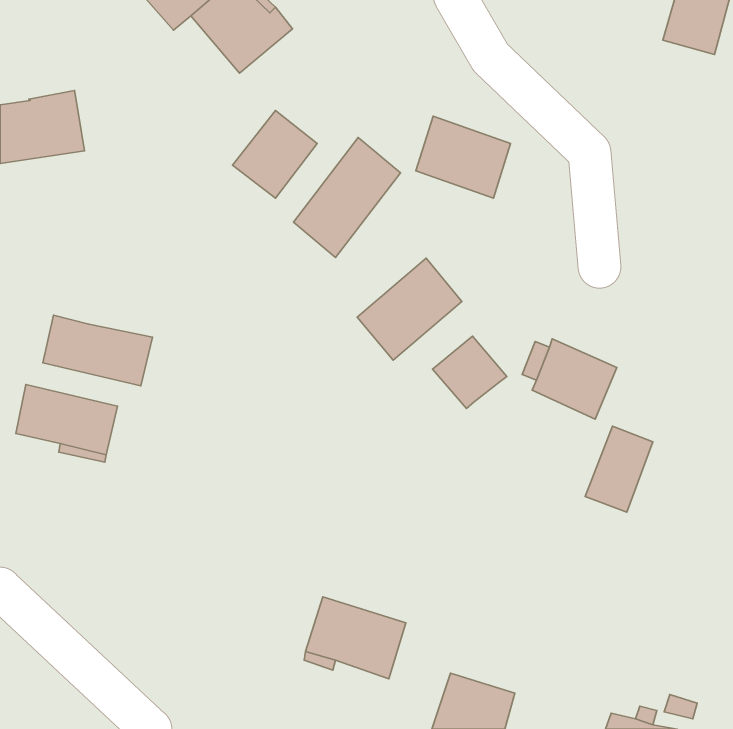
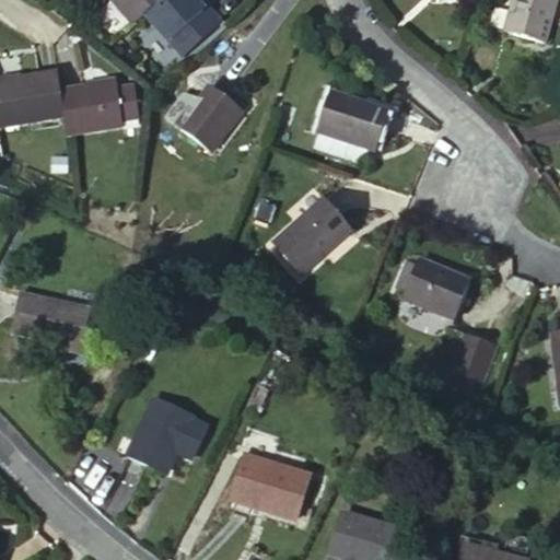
building: none -> [60,83,122,133]
building: [293,137,401,258] -> none
building: [43,315,153,386] -> none
building: [432,336,507,408] -> none
building: none -> [127,397,206,471]

